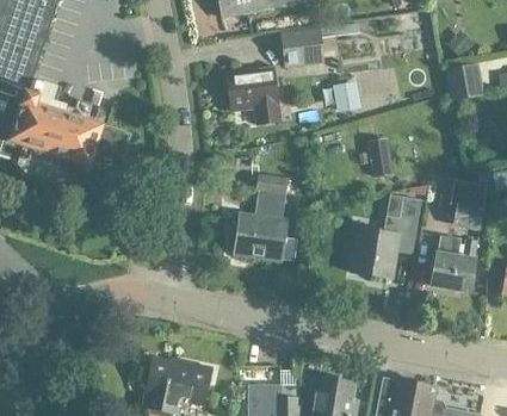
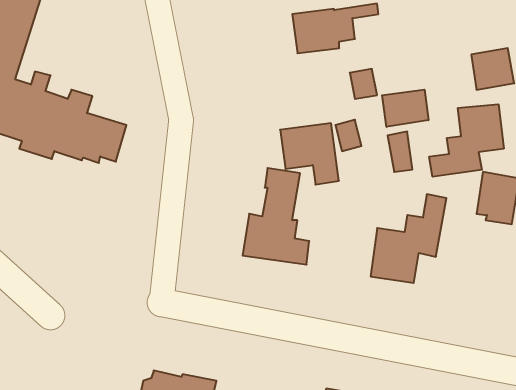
building: [227,68,280,124] -> [280,123,339,185]
building: none -> [382,90,428,127]
building: none -> [429,104,504,177]
building: [432,236,476,291] -> none

